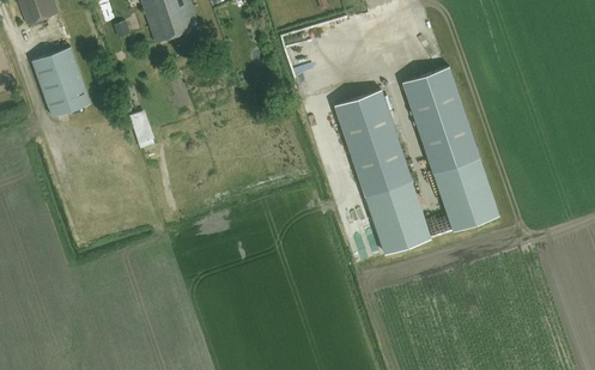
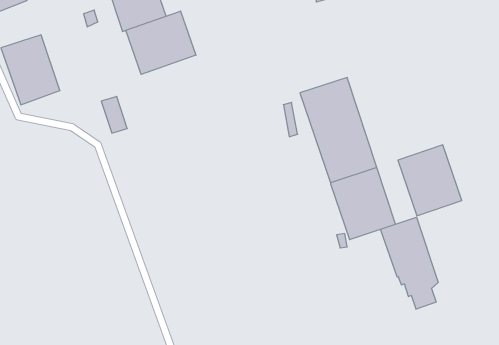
building: none -> [126,11,196,74]
building: [402,67,479,175] -> none
building: none -> [381,217,438,309]

